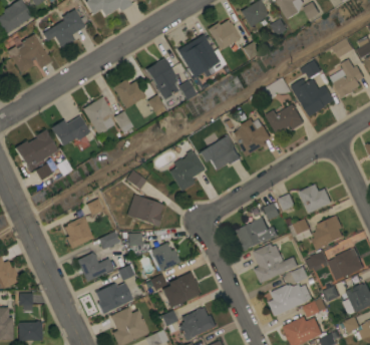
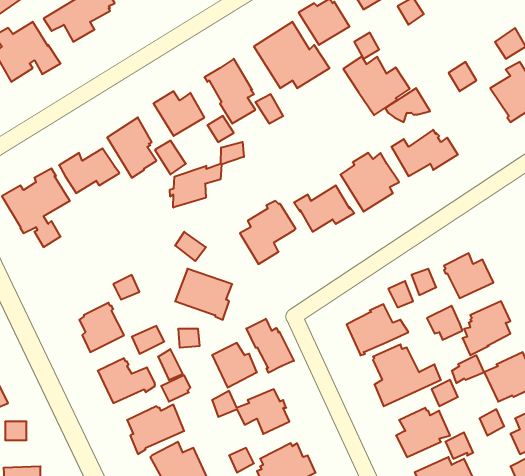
building: [293,79,336,117] -> [343,57,410,115]
building: none -> [170,142,244,208]
building: none -> [246,319,294,373]

